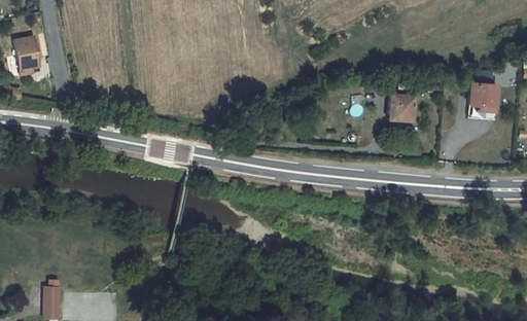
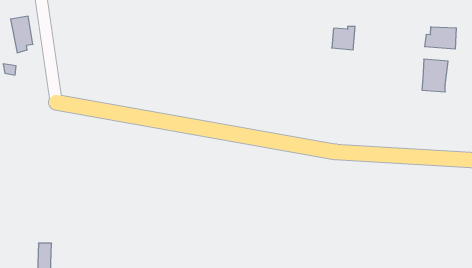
building: none -> [425,27,456,49]
building: [388,95,414,120] -> [332,26,355,50]

